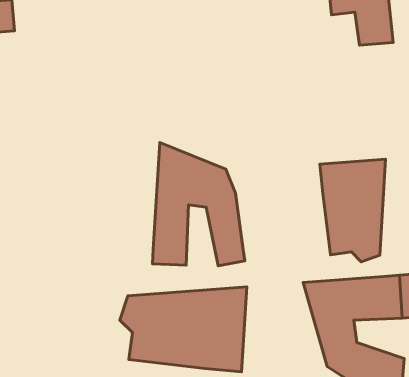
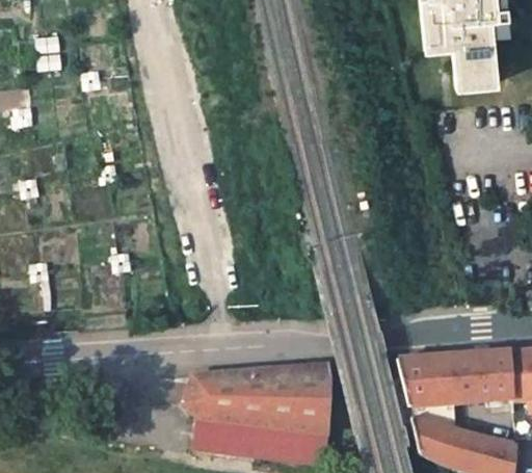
building: [152,143,245,266] -> none
building: [320,159,385,262] -> none

